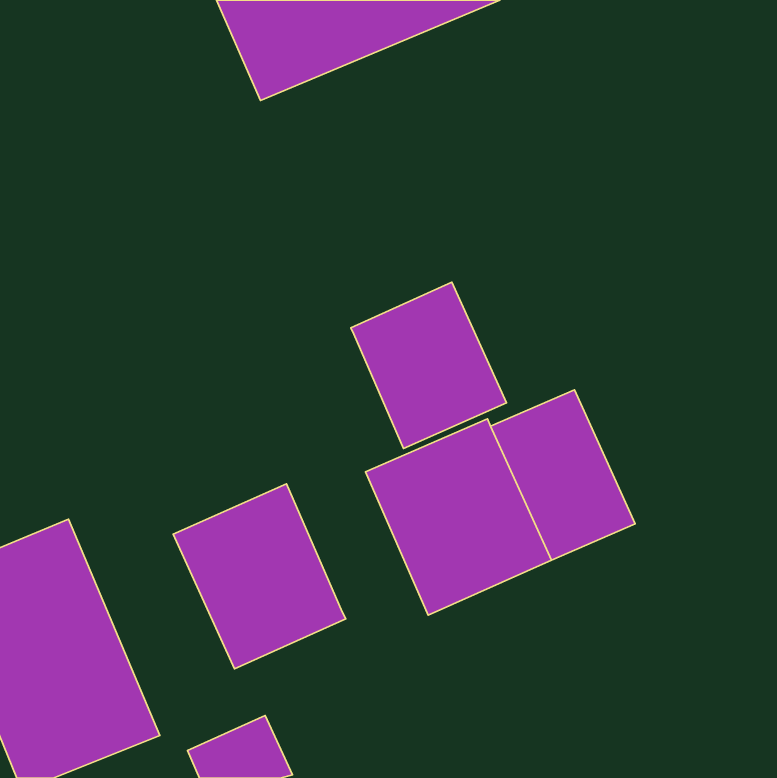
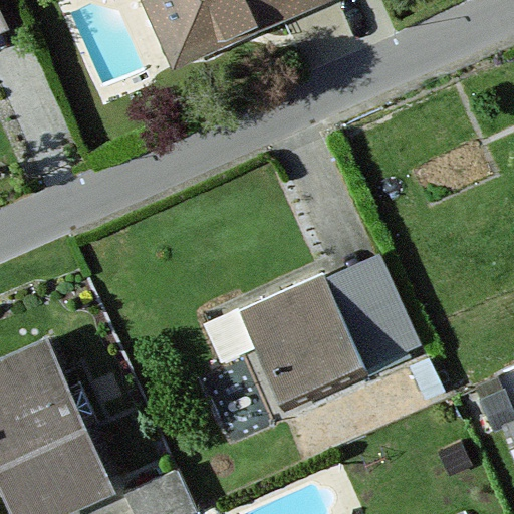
building: [351,282,506,448] -> none
building: [173,484,346,669] -> none

